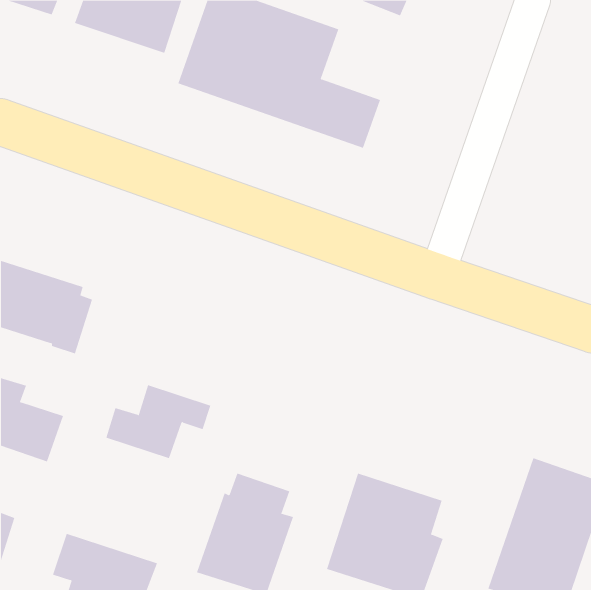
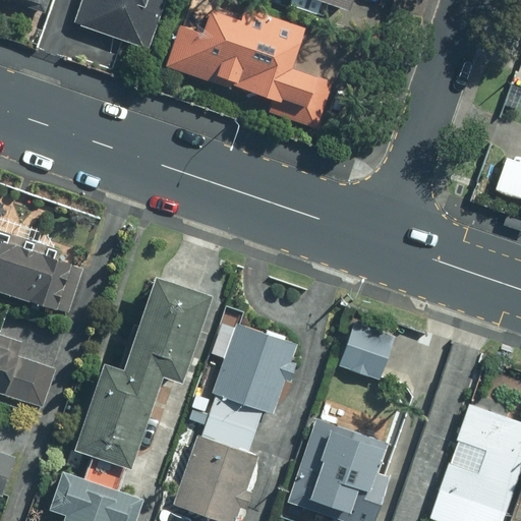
building: none -> [131,274,209,358]
building: none -> [339,321,398,381]
building: none -> [210,322,299,433]
building: none -> [74,387,151,467]

